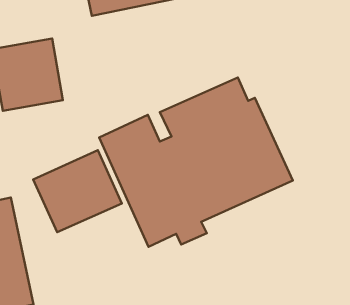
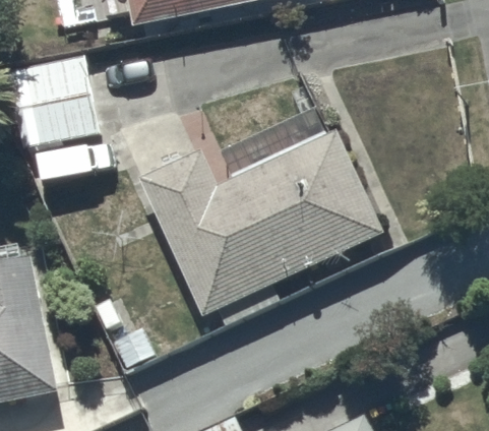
building: [33,150,122,232] -> none

